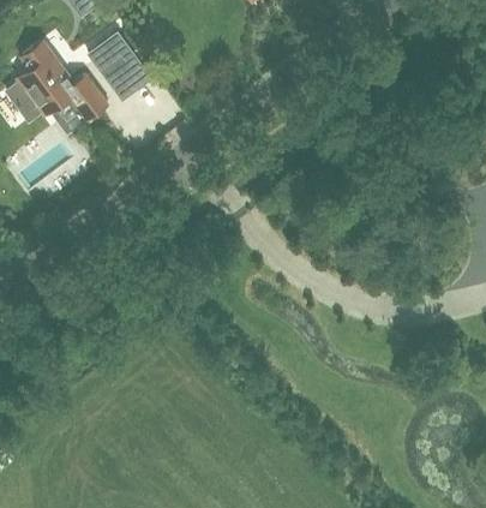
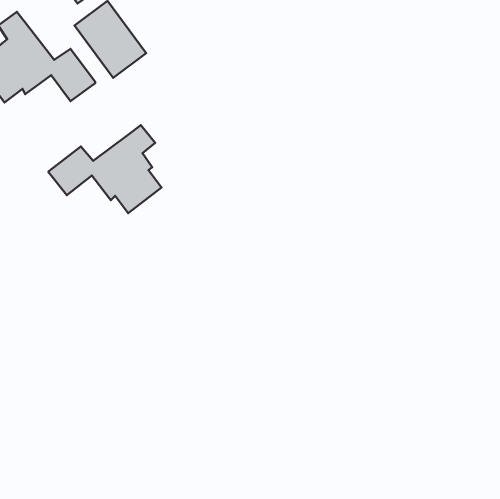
building: none -> [48,125,162,213]

